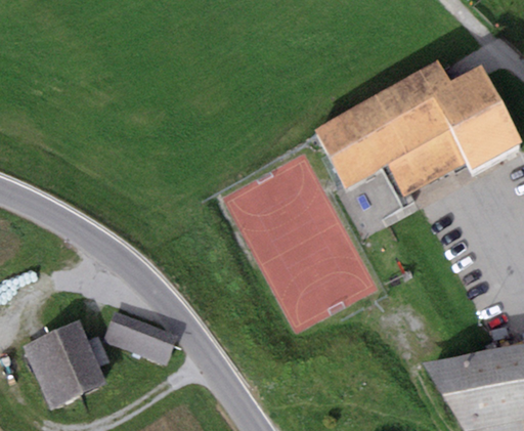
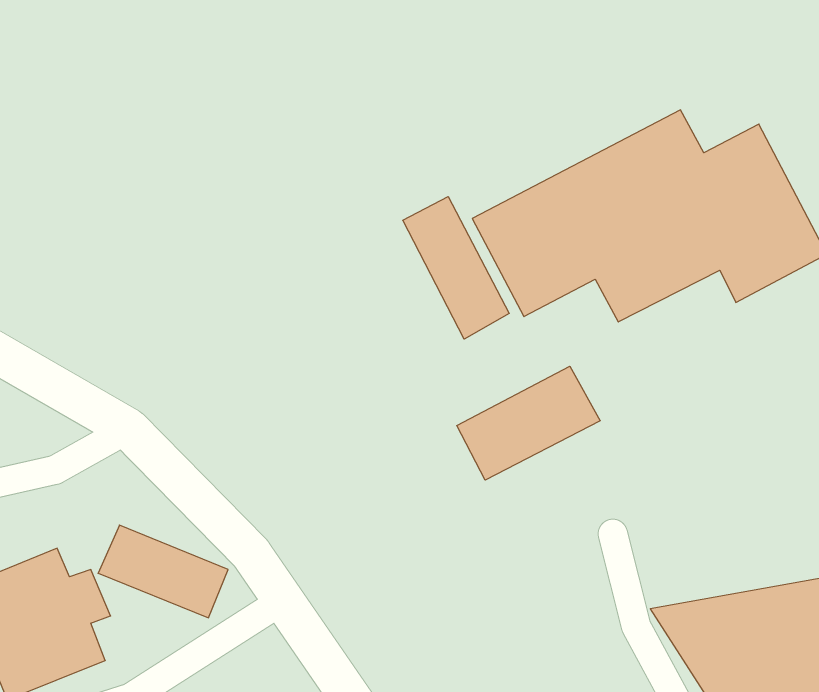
building: none -> [403,197,509,339]
building: none -> [457,366,600,480]

